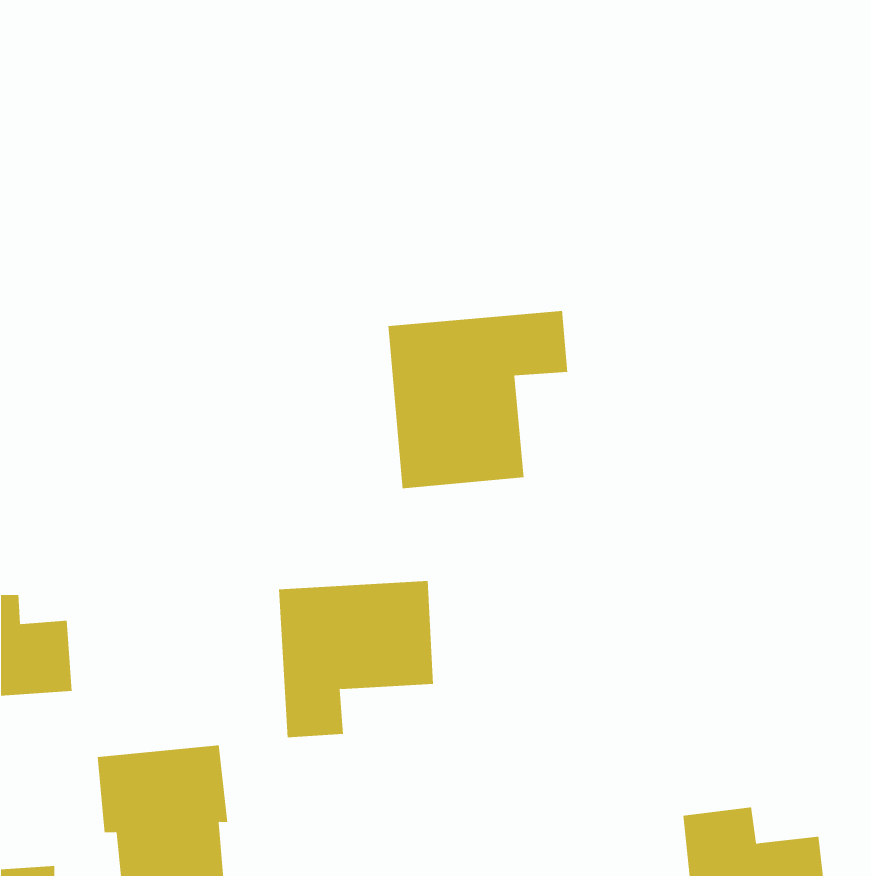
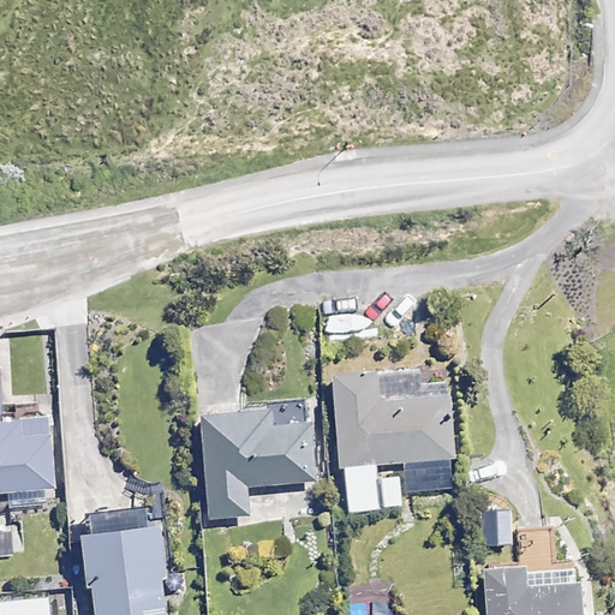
building: [388,310,568,489] -> none
building: none -> [330,369,462,513]

